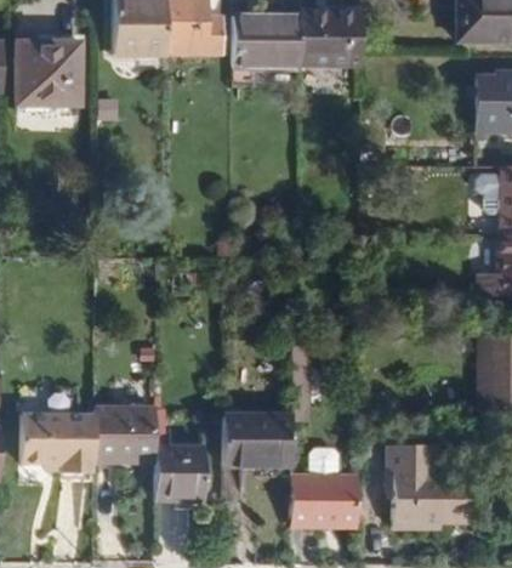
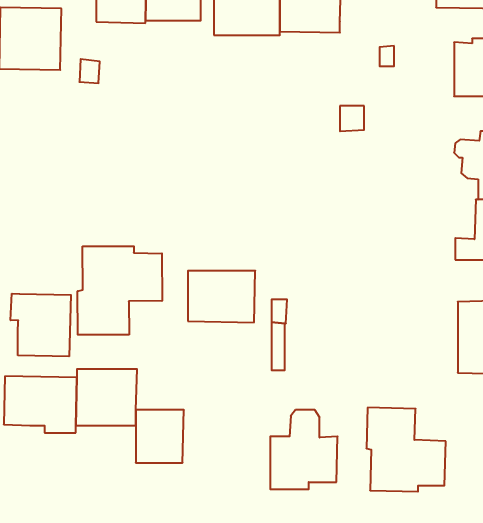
building: none -> [78,246,162,335]
building: none -> [11,294,71,356]
building: [224,414,292,466] -> [188,271,255,322]

